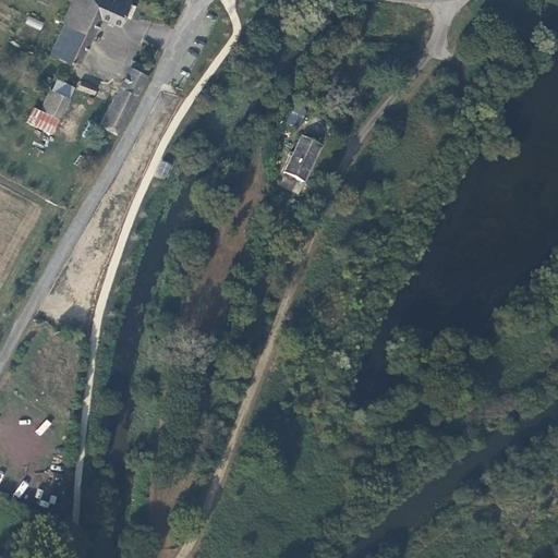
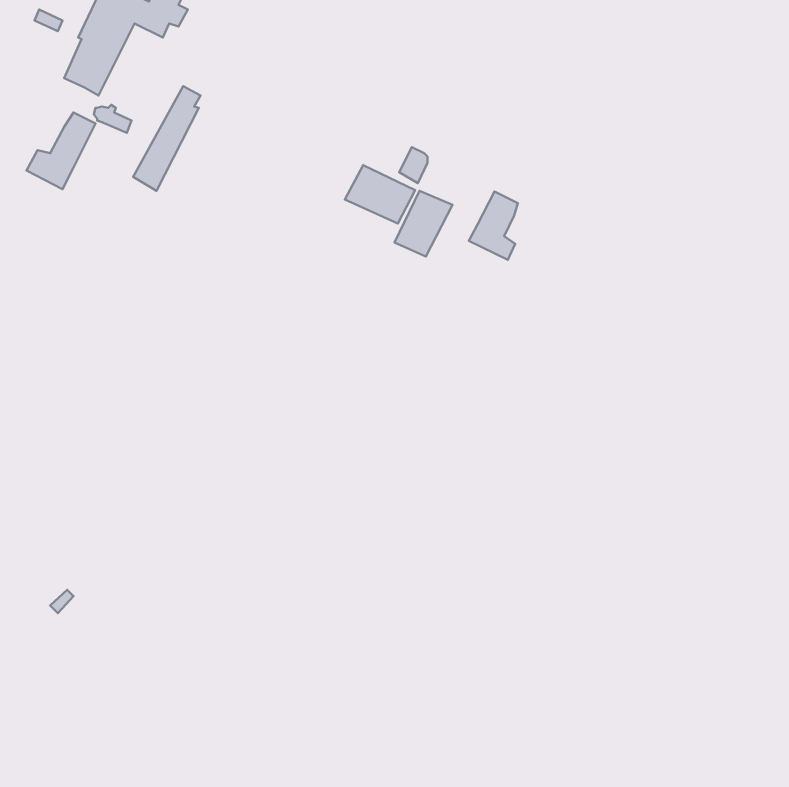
building: none -> [345,165,415,224]
building: none -> [469,192,518,260]

